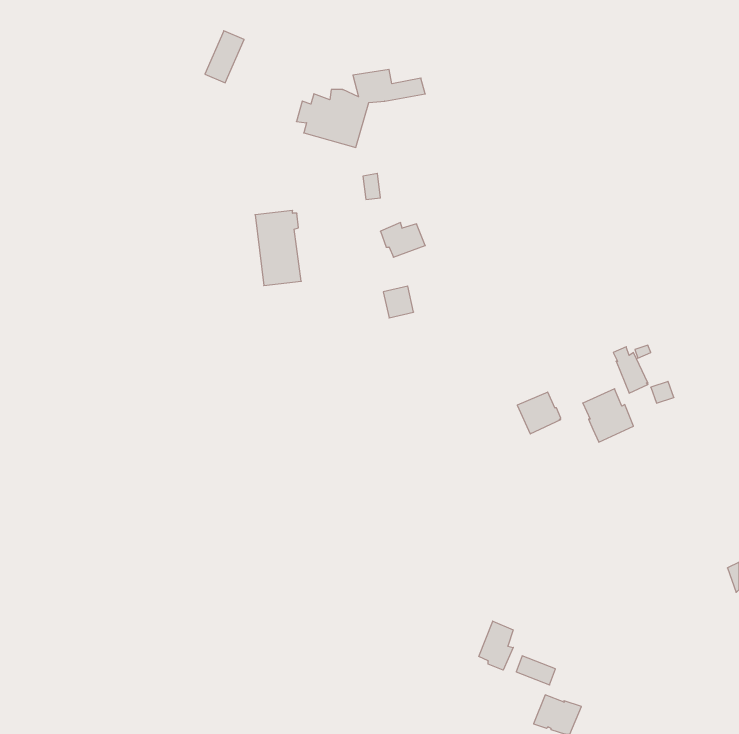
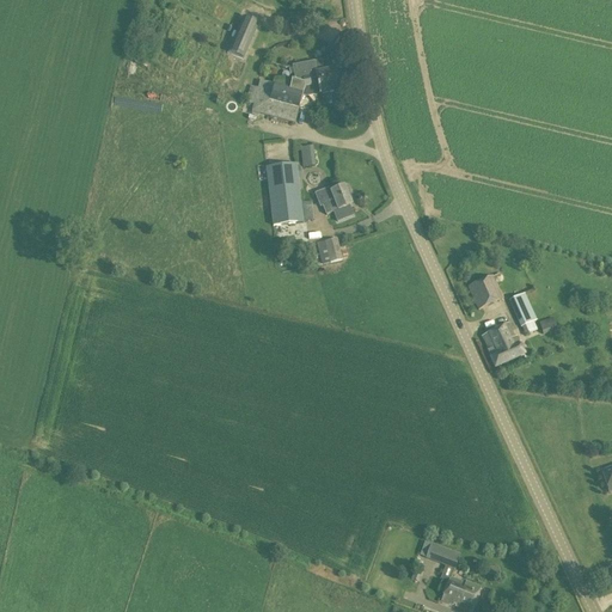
building: [205,31,244,83] -> [227,14,259,57]
building: [255,210,301,286] -> [265,161,304,224]
building: [517,392,561,434] -> [467,274,503,308]
building: [479,621,513,670] -> none

